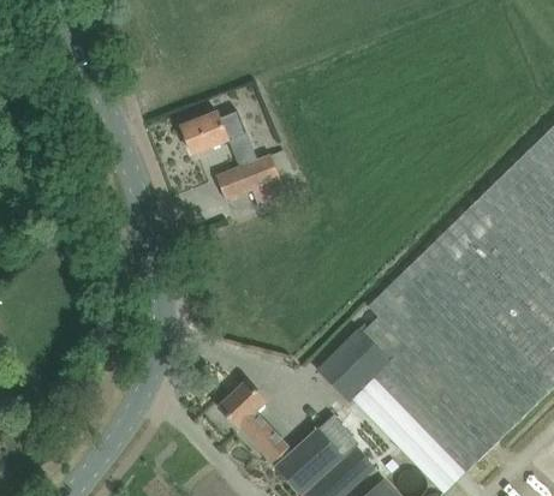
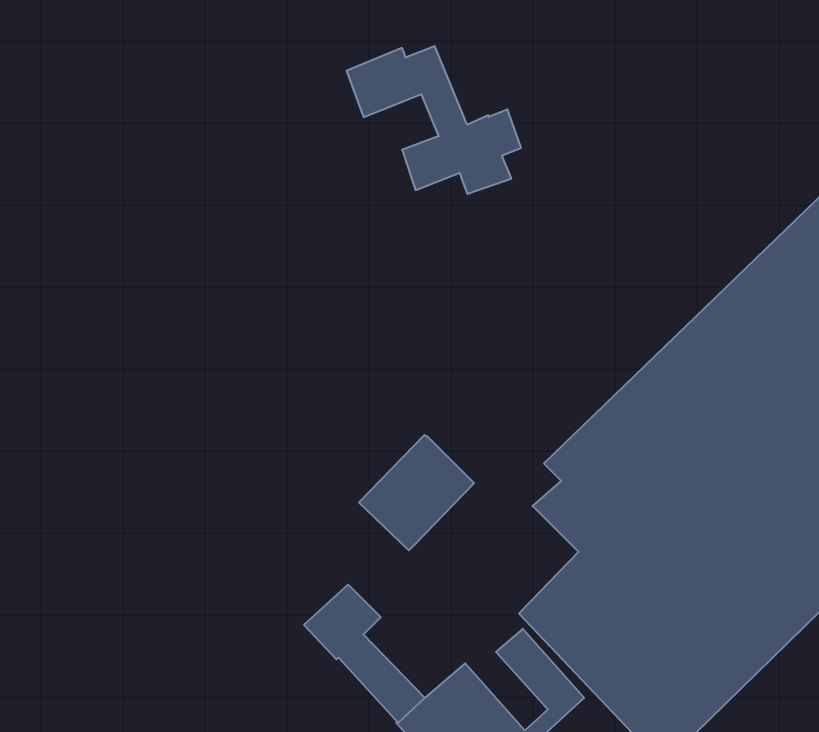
building: [183,109,292,202] -> [346,46,521,194]
building: [318,329,391,401] -> [359,435,474,550]

